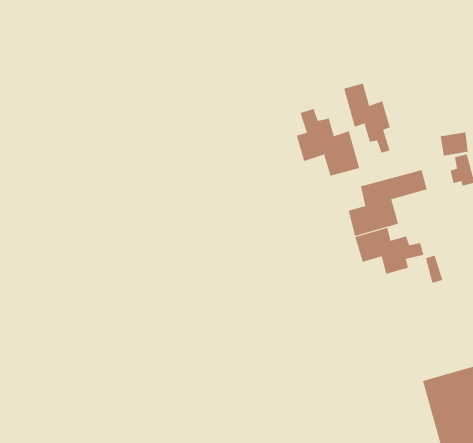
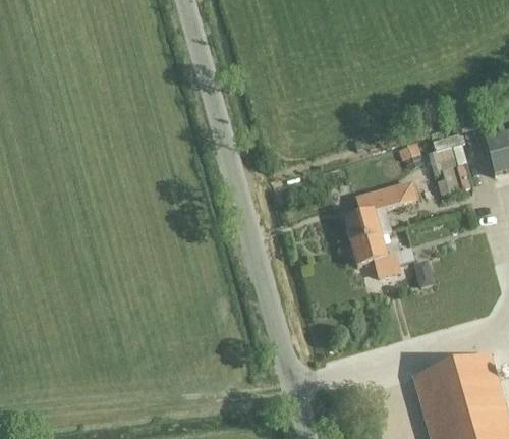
building: [343,83,391,154] -> none
building: [296,108,360,177] -> none

